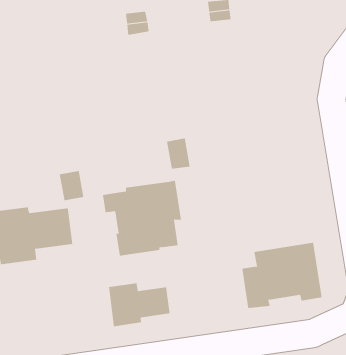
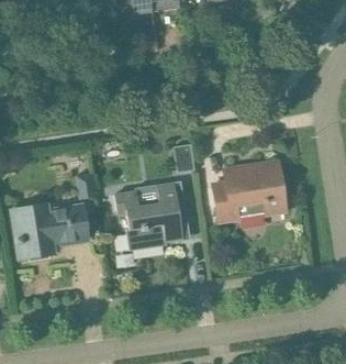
building: [242,242,322,308] -> [213,162,287,222]
building: [109,282,170,327] -> none

